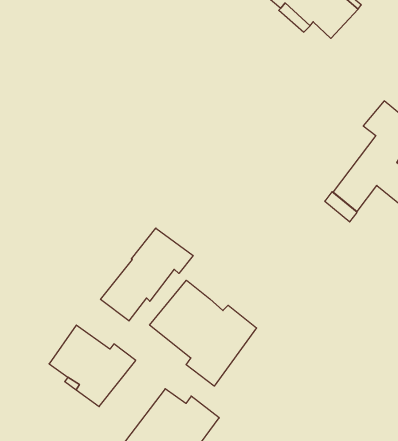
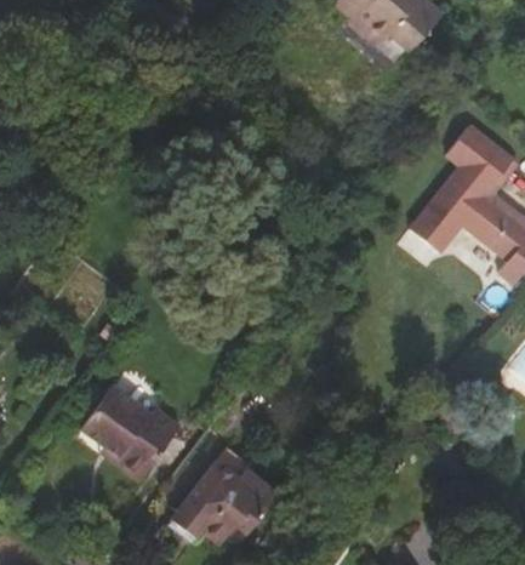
building: [101,228,193,321] -> none
building: [150,280,257,386] -> none

